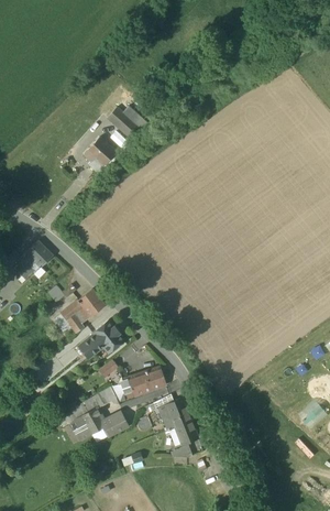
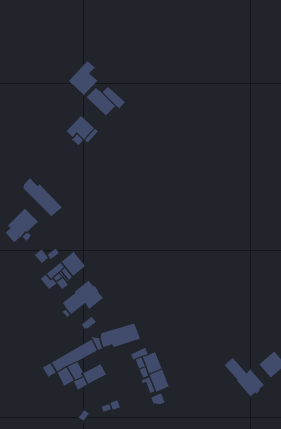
building: none -> [68,60,98,96]
building: none -> [23,177,63,217]
building: none -> [224,357,265,397]

